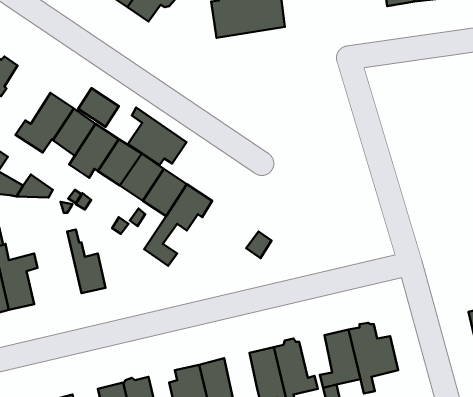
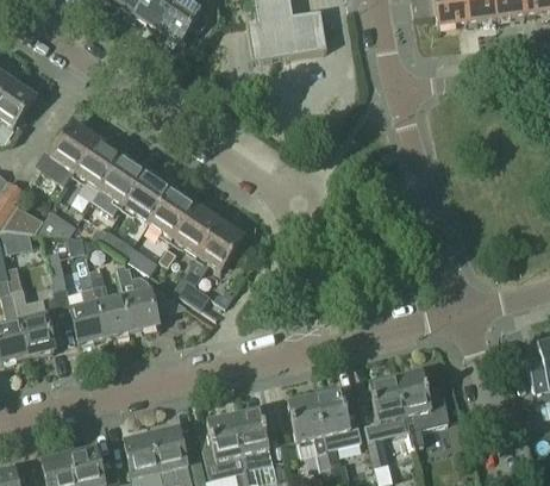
building: [78,88,119,127] -> none
building: [128,108,187,165] -> none
building: none -> [46,250,105,343]
building: none -> [115,264,185,331]

